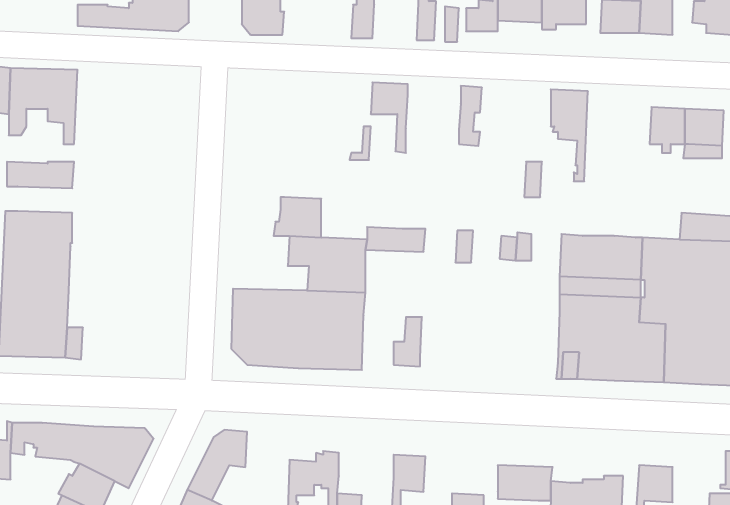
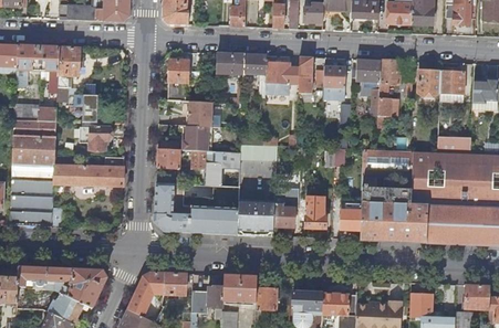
building: none -> [56,46,80,94]
building: none -> [216,54,243,74]
building: none -> [167,60,188,100]
building: none -> [376,60,398,117]
building: none -> [264,62,299,84]
building: none -> [322,66,345,100]
building: none -> [73,94,97,123]
building: none -> [188,102,211,127]
building: none -> [80,127,110,150]
building: none -> [156,149,183,169]
building: none -> [53,157,124,187]
building: none -> [273,188,298,226]
building: none -> [304,197,325,228]
building: none -> [340,198,361,230]
building: none -> [237,200,264,235]
building: none -> [164,273,186,295]
building: none -> [222,275,258,301]
building: none -> [292,292,322,313]

